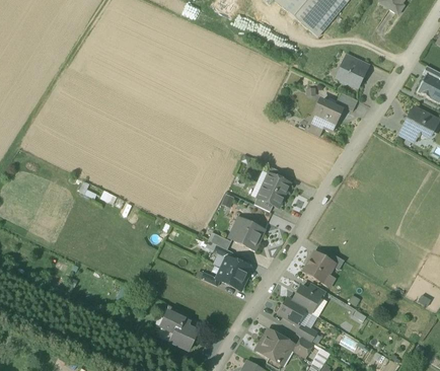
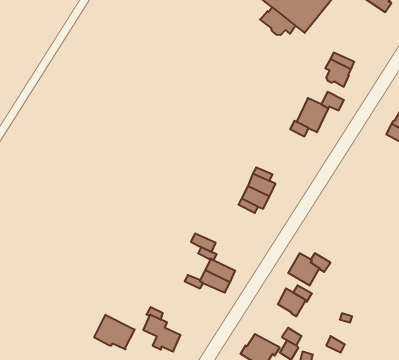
building: none -> [260,7,296,35]
building: [229,217,264,249] -> none
building: [278,297,305,323] -> none
building: none -> [94,315,135,349]

